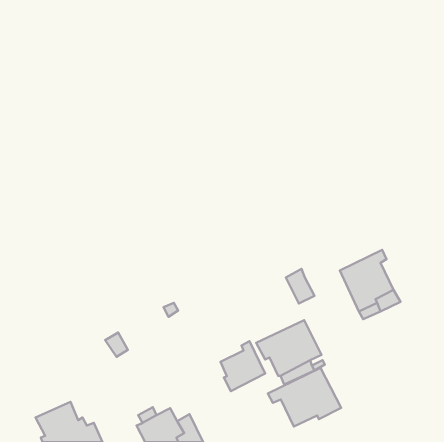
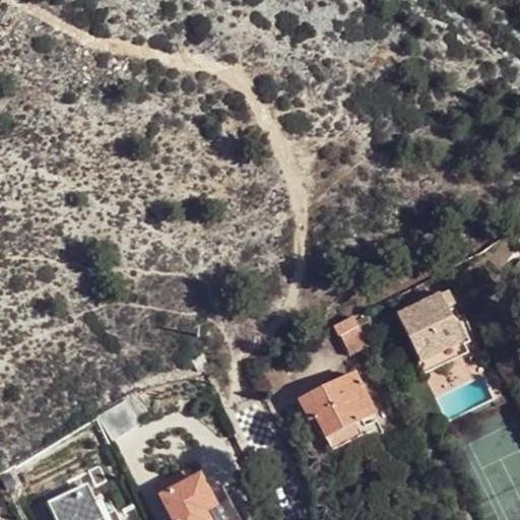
building: [220,341,265,391] -> none
building: [268,368,341,426] -> none

